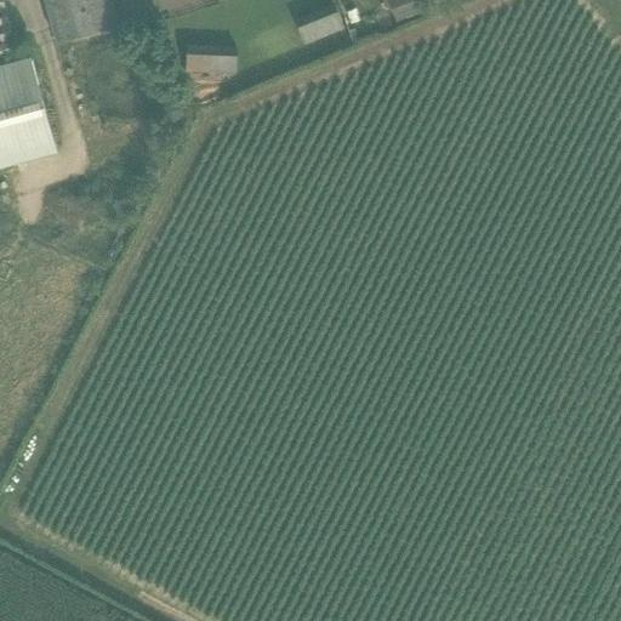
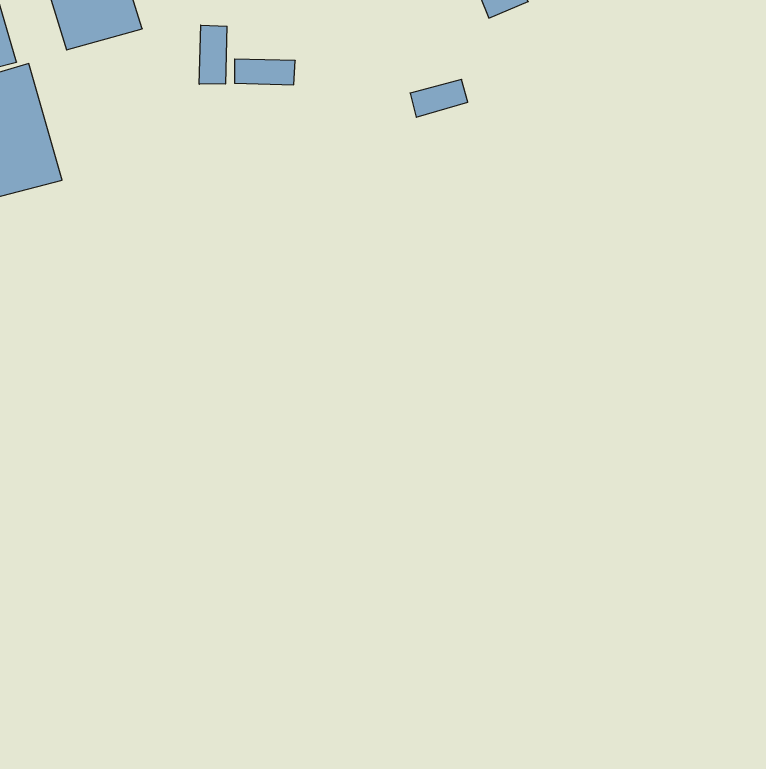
building: [297,7,343,38] -> [410,79,468,117]
building: none -> [199,25,227,84]

